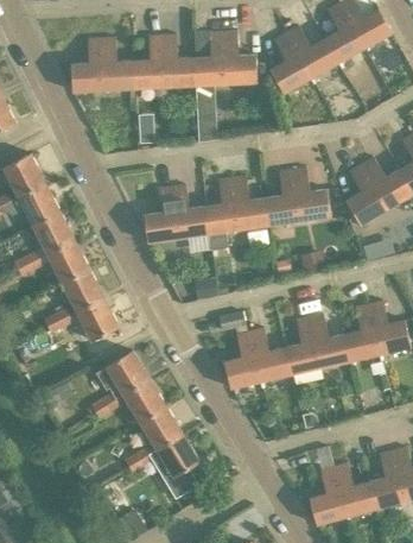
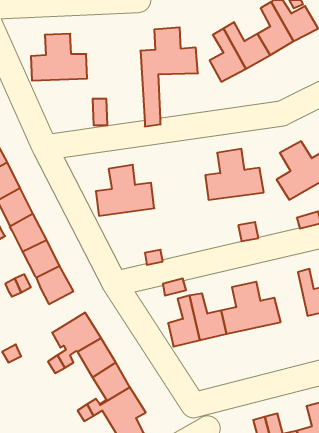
building: [133,36,198,138] -> none
building: [205,177,269,234] -> none
building: [343,305,380,361] -> none

